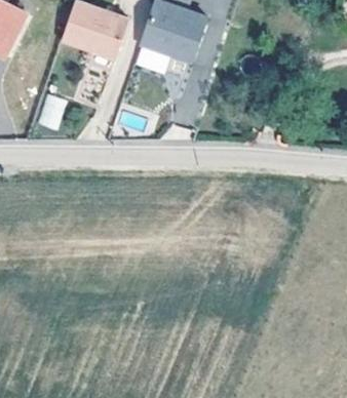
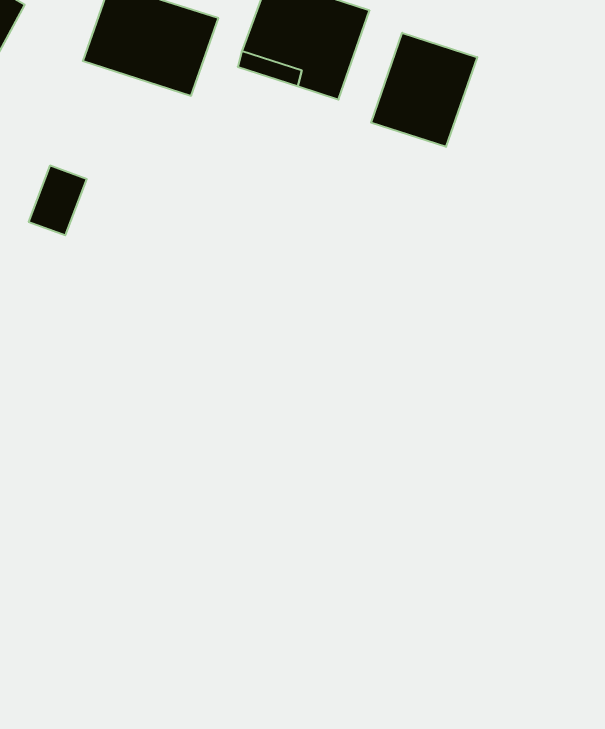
building: none -> [371,33,477,147]

